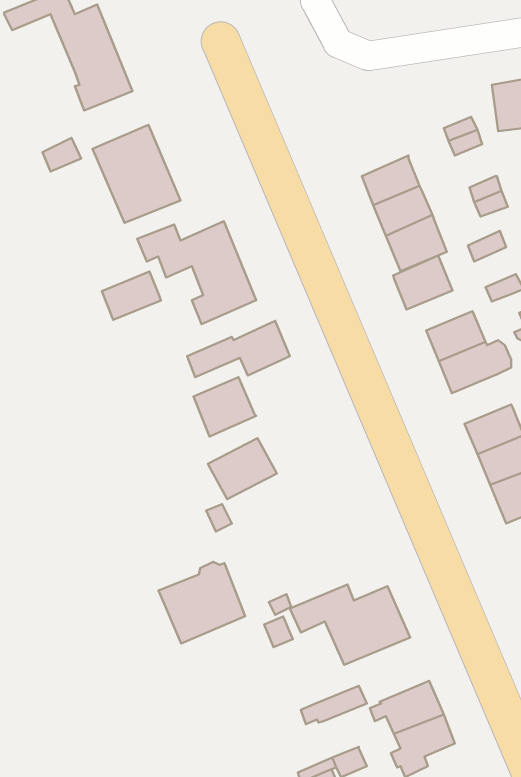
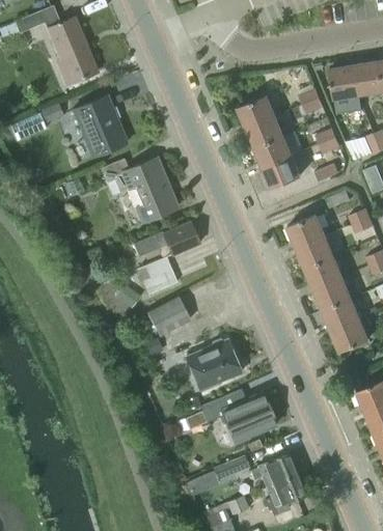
building: none -> [237,96,275,129]
building: [393,256,452,310] -> none
building: [102,272,161,320] -> none
building: none -> [303,256,341,288]
building: [159,562,245,644] -> [184,339,240,392]

